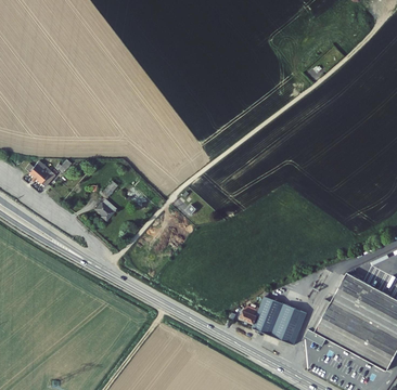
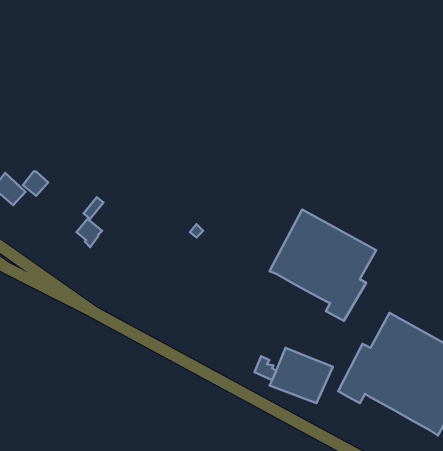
building: none -> [270,210,376,321]

